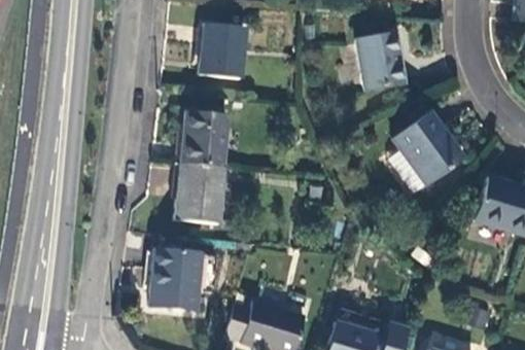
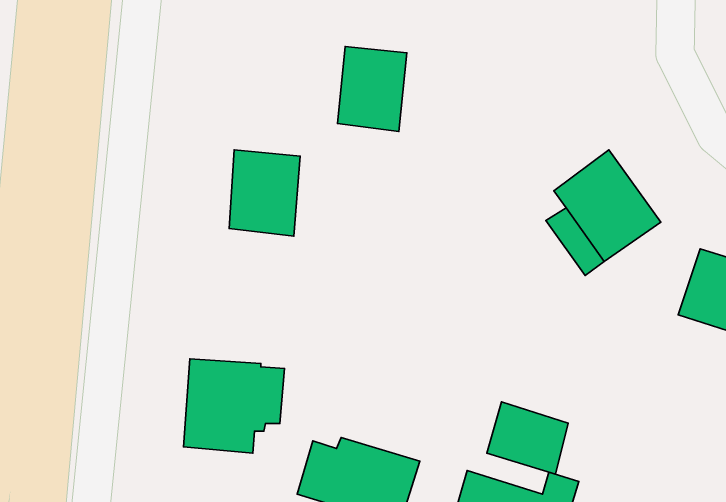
building: [201,23,246,78] -> [337,47,407,132]
building: [357,33,406,91] -> none
building: [176,163,223,222] -> none
building: none -> [487,402,568,474]

